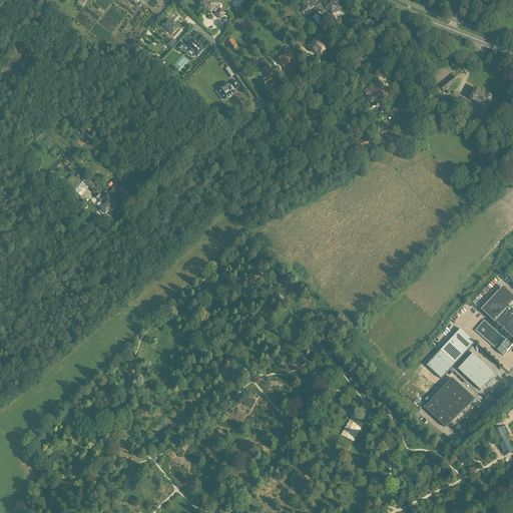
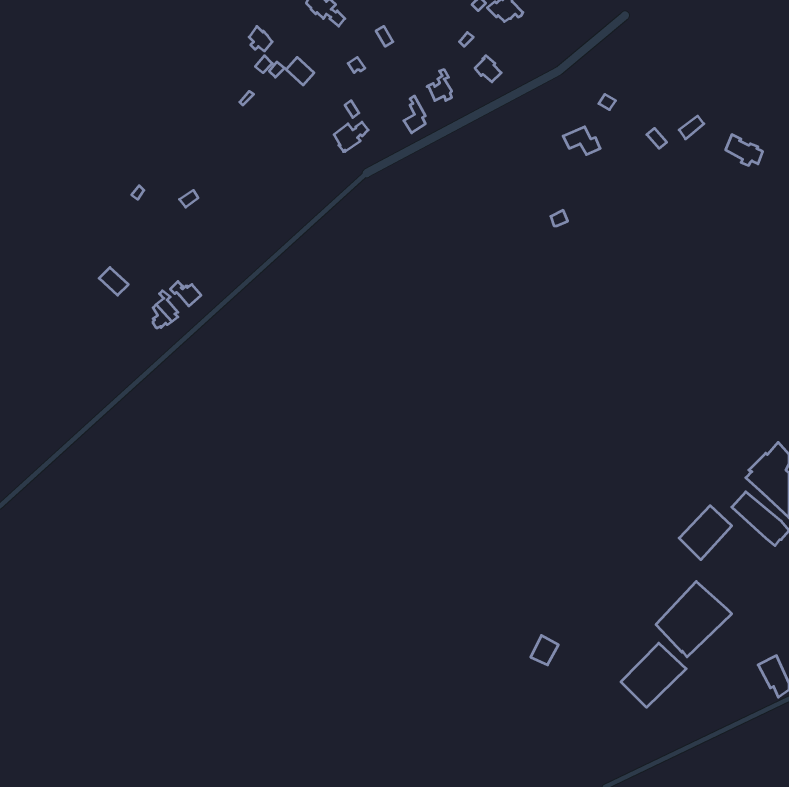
building: [426,349,454,378] -> none
building: [457,352,495,389] -> none
building: none -> [621,643,686,707]

